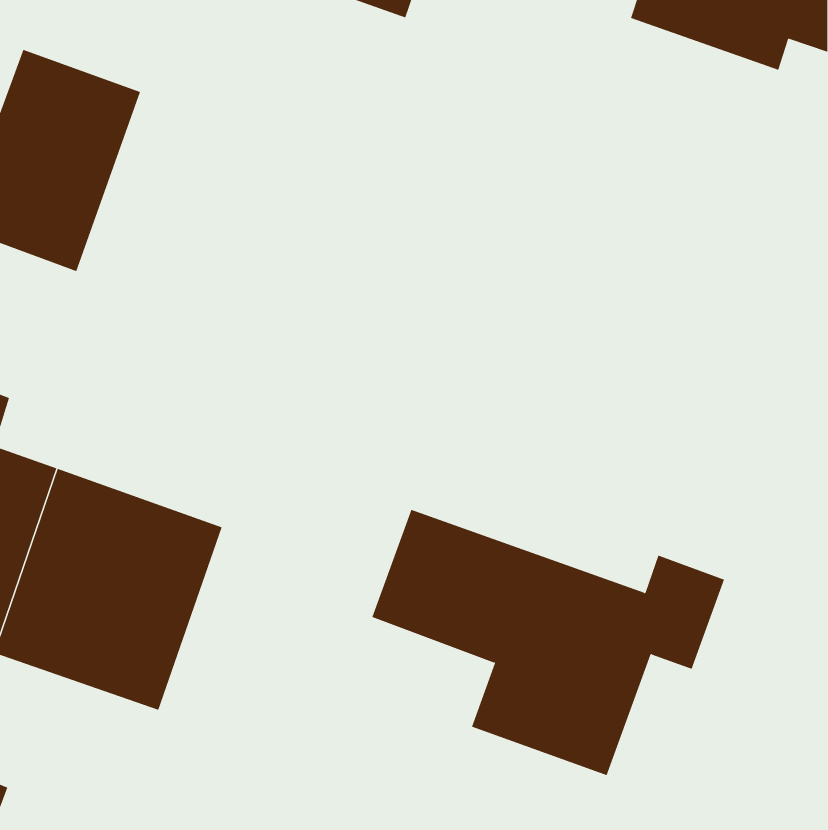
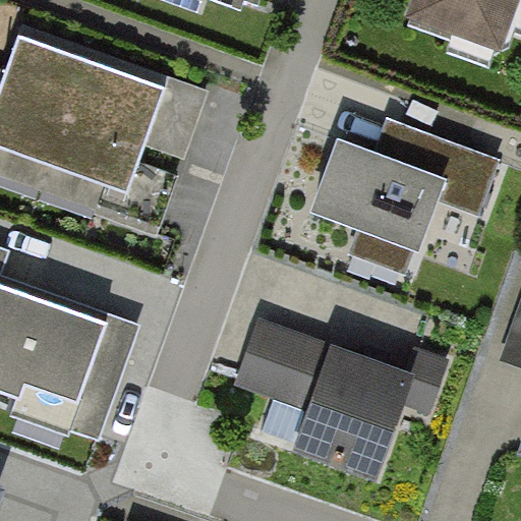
building: none -> [48,57,162,195]
building: none -> [309,118,500,275]

